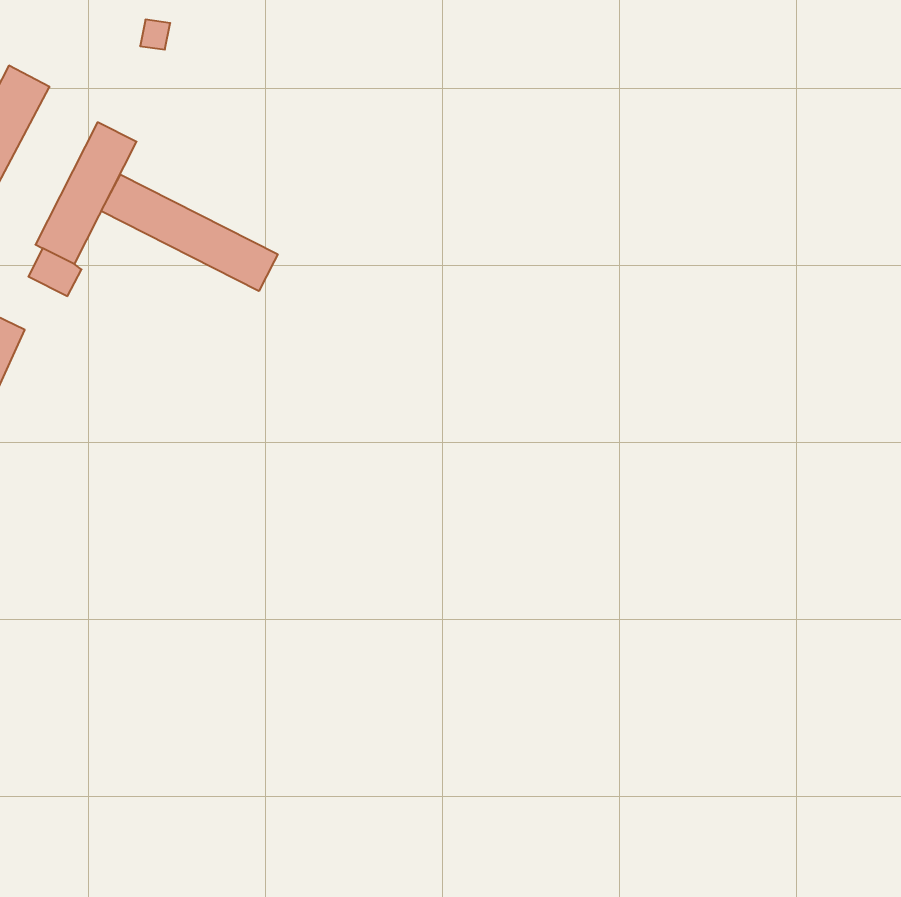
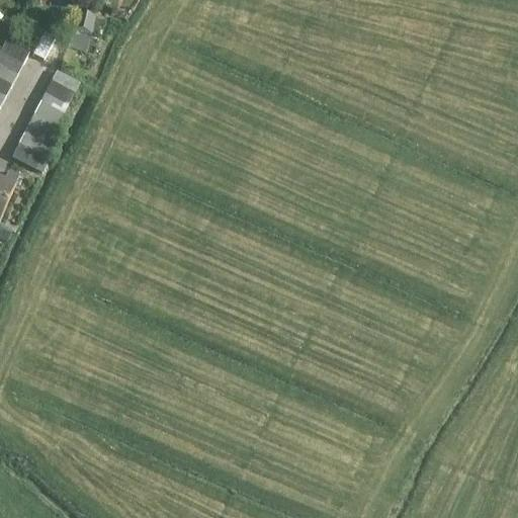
building: [101,175,278,291] -> none

